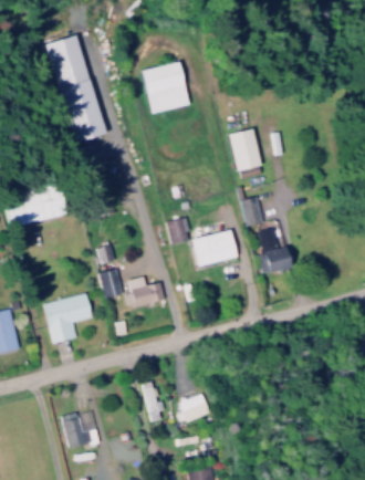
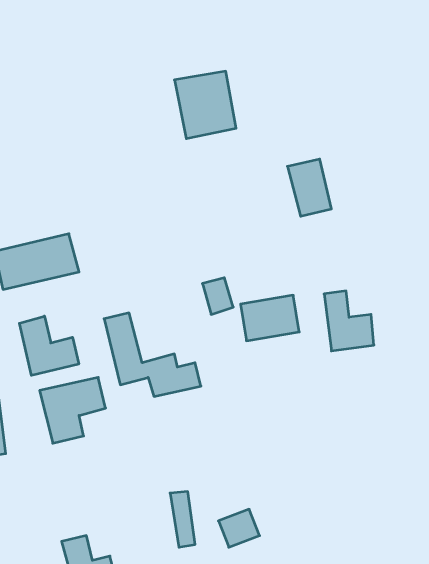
building: [48,34,108,143] -> none
building: [241,197,262,226] -> none
building: none -> [19,316,79,375]

